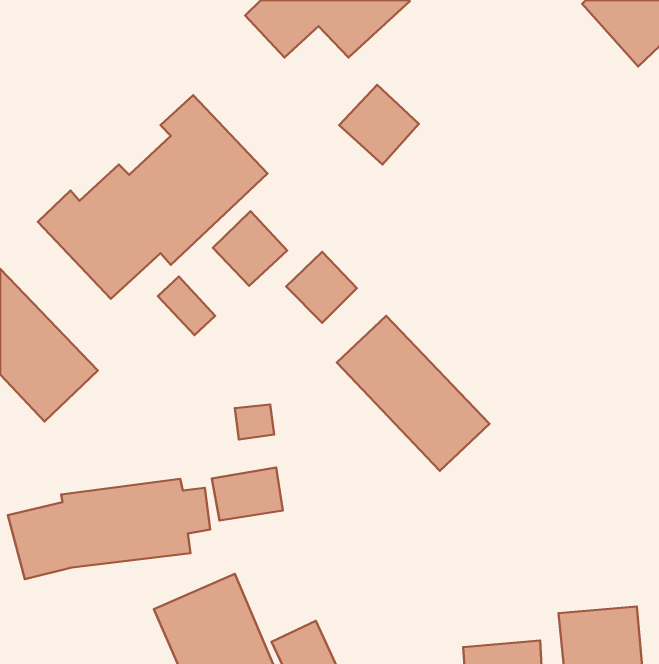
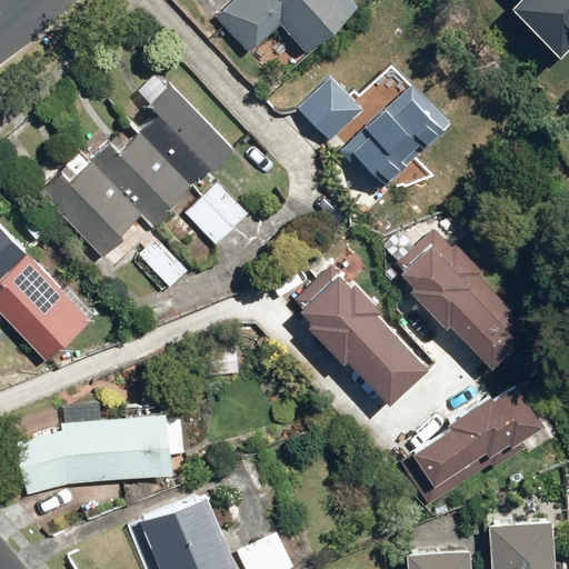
building: none -> [339,80,448,191]
building: [286,252,357,323] -> none
building: none -> [392,229,530,369]
building: none -> [400,385,541,507]
building: [212,468,283,521] -> none

